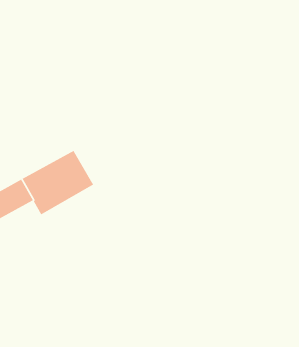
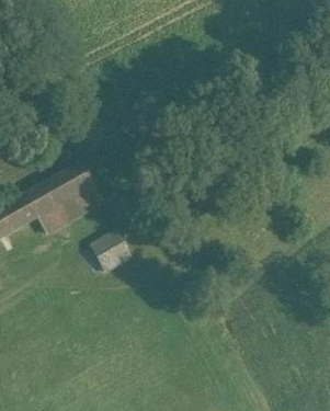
building: none -> [91,229,132,270]

